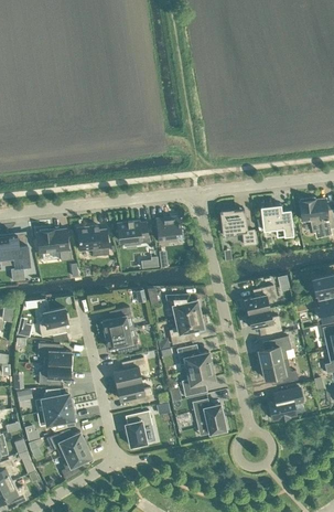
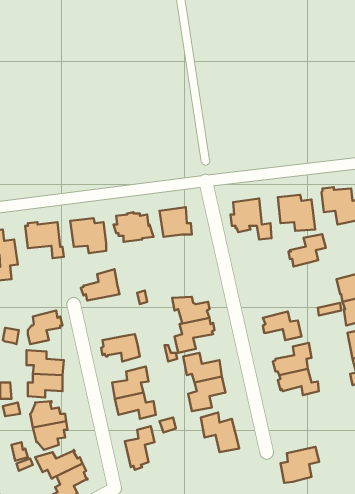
building: [243,286,276,314] -> [288,234,326,266]
building: [99,307,133,334] -> [81,269,119,300]
building: [268,388,302,420] -> [281,447,319,483]

